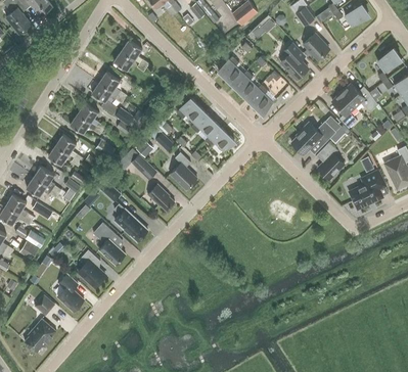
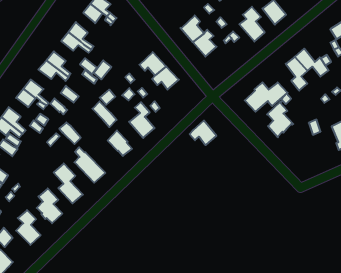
building: [246,84,273,112] -> none
building: [206,125,234,150] -> [190,121,216,145]
building: [351,171,386,208] -> none

